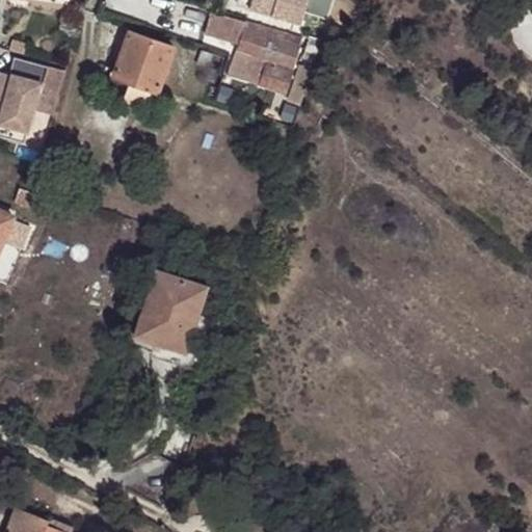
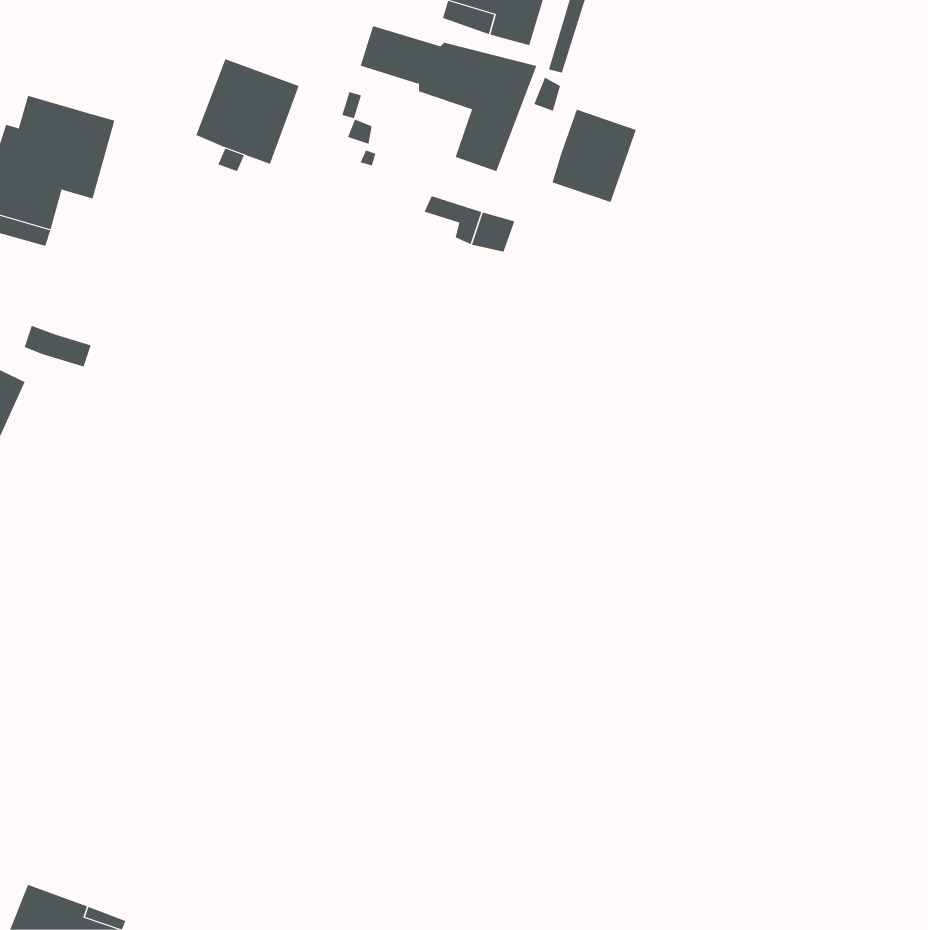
building: [230,52,268,89] -> none
building: none -> [552,109,637,203]
building: [131,267,207,353] -> none

